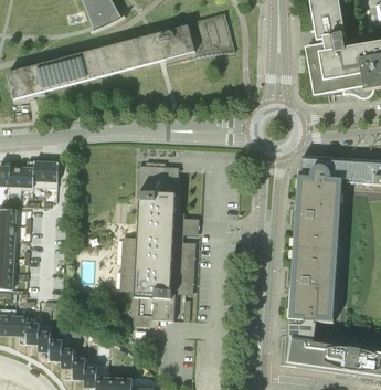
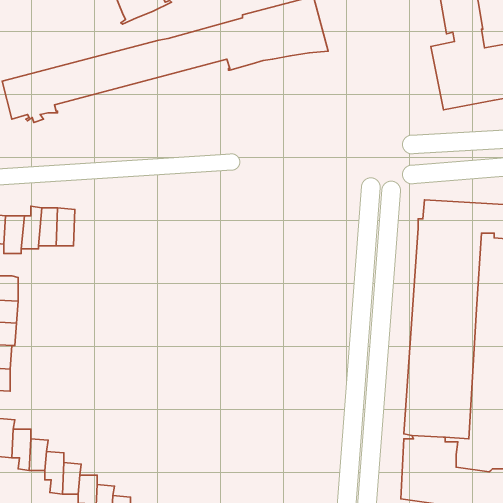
building: [117,161,192,326] -> none

